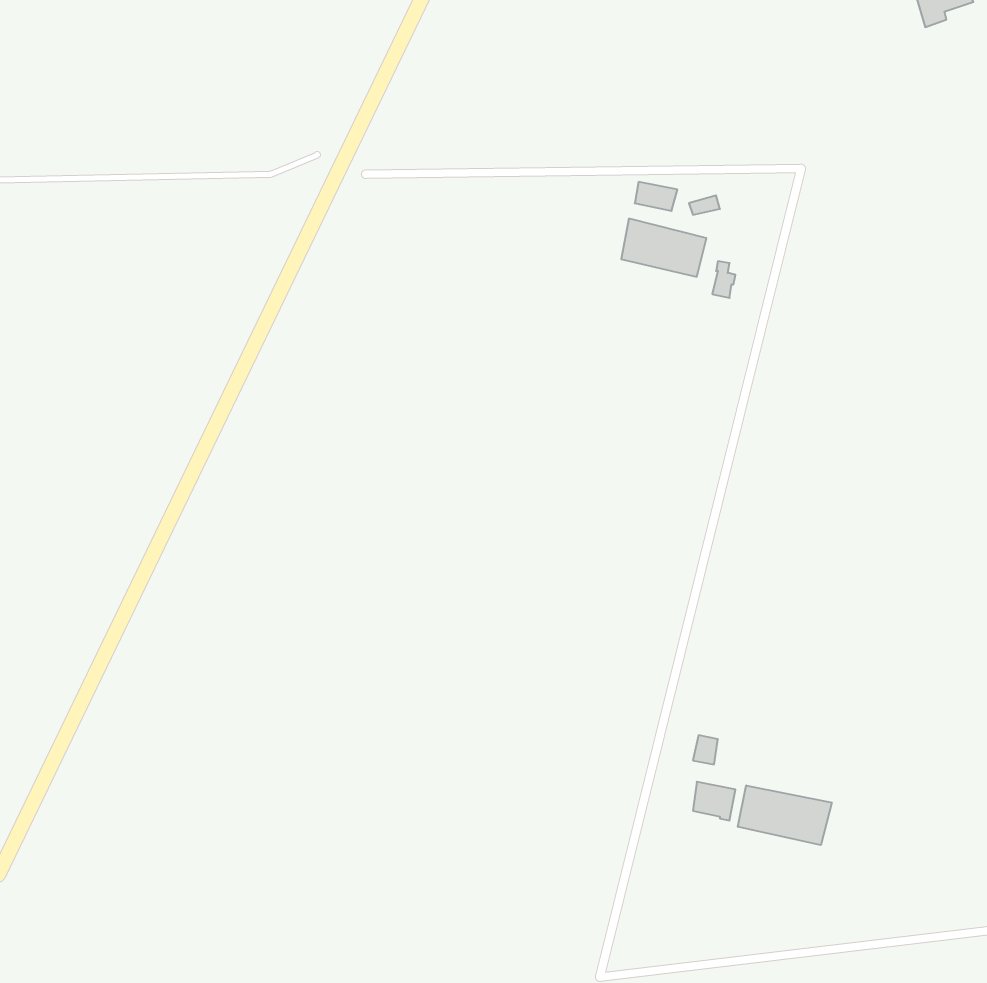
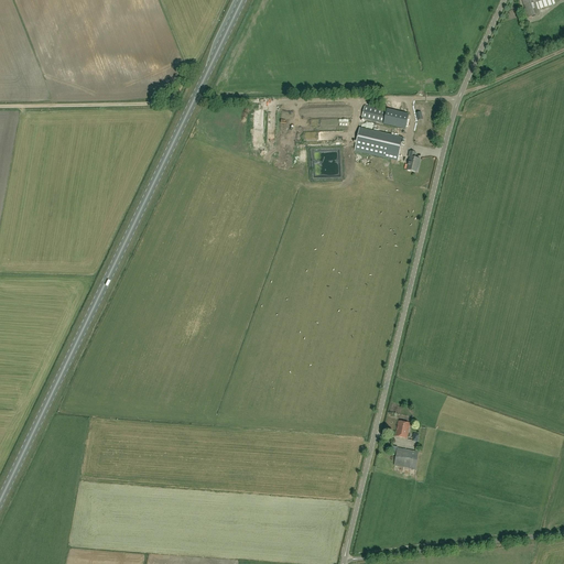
building: [738,785,832,845] -> none

